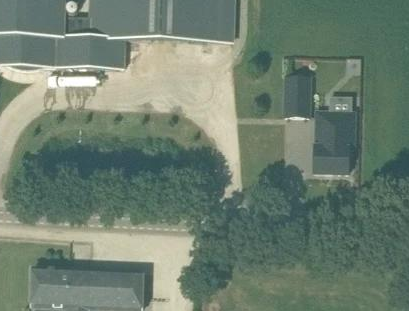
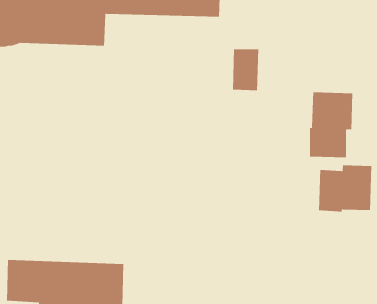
building: [287,75,312,115] -> [232,48,259,91]
building: none -> [318,165,372,213]

